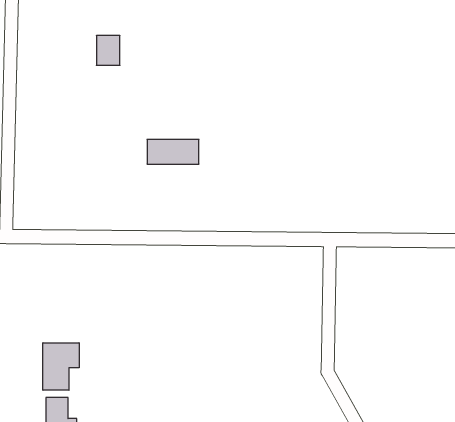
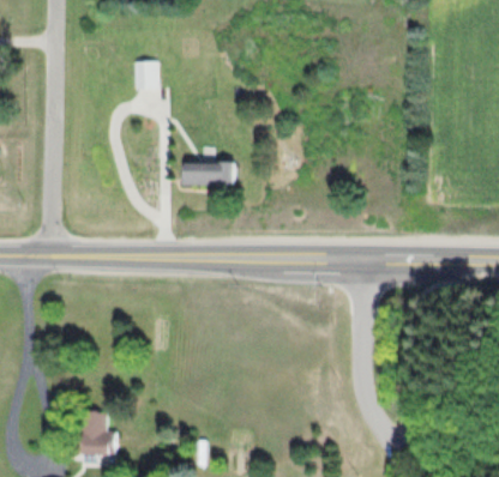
building: [43,343,79,390] -> none

